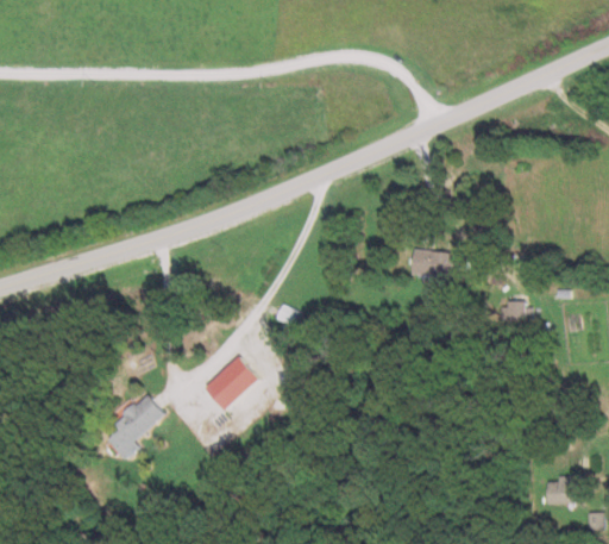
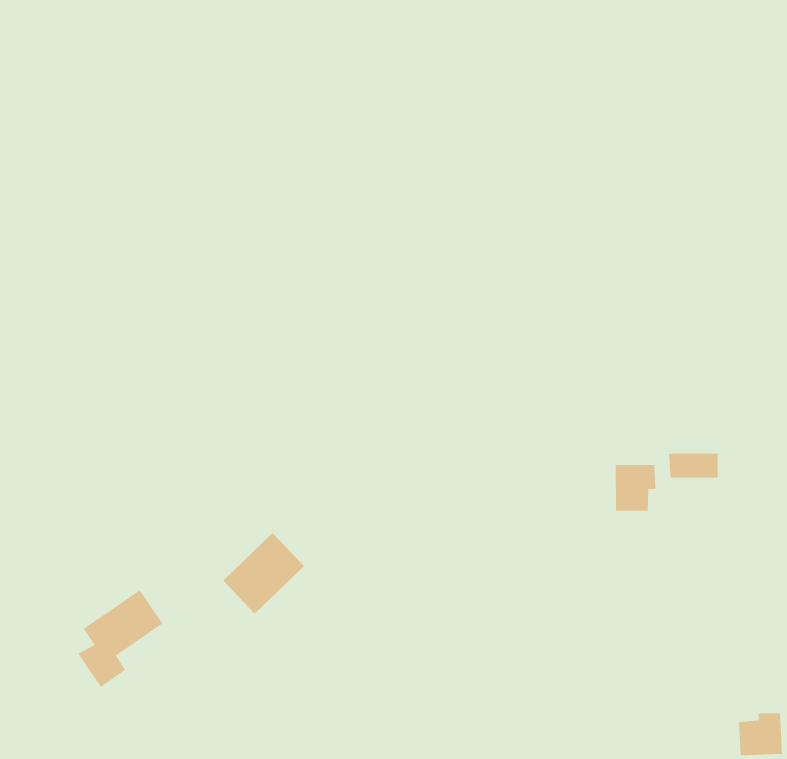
building: [413,250,450,275] -> none
building: none -> [615,464,656,511]

